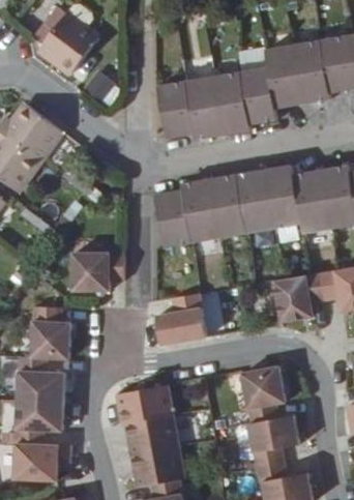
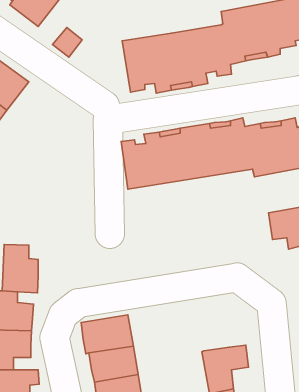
building: [73,251,124,290] -> none
building: [274,272,324,322] -> none
building: [156,293,206,344] -> none
building: [242,372,286,422] -> none

